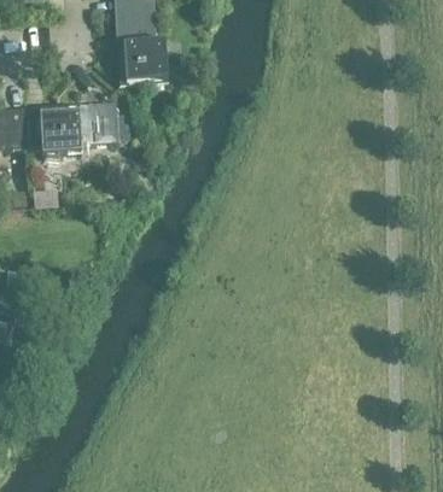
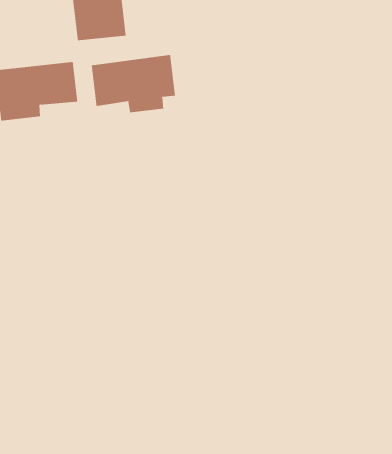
building: none -> [91,54,176,113]

